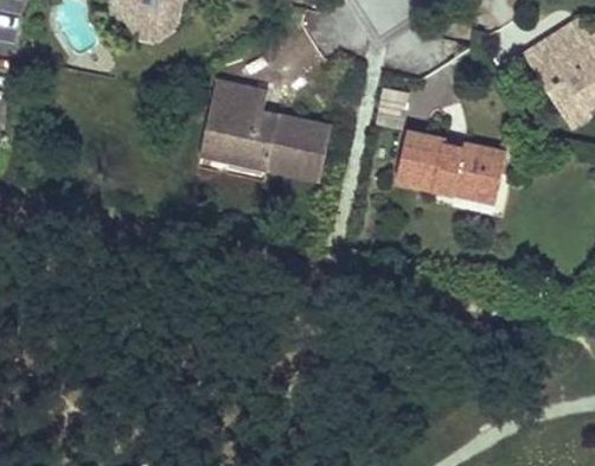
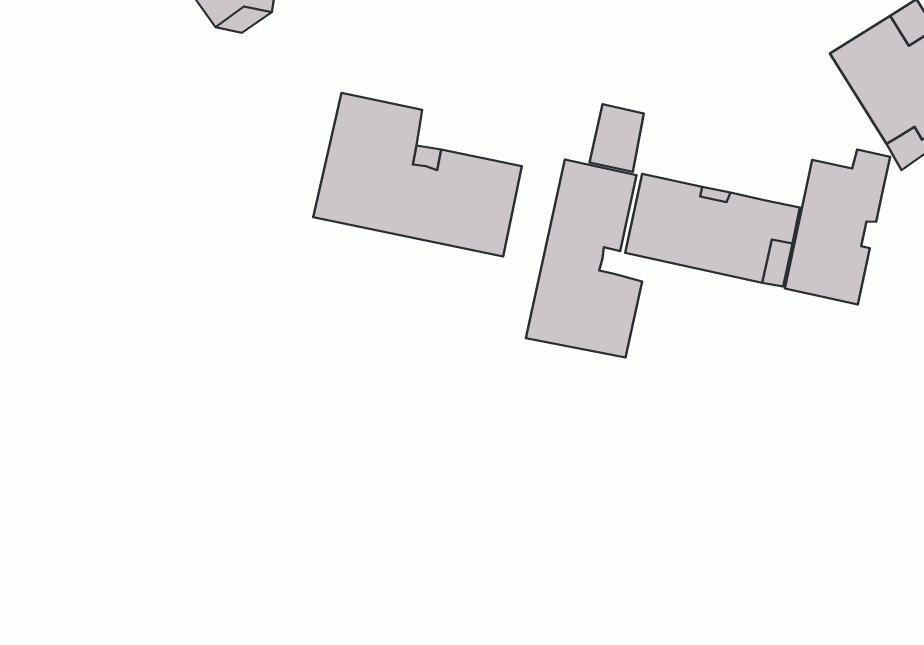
building: none -> [785,149,890,304]
building: none -> [526,160,642,358]

